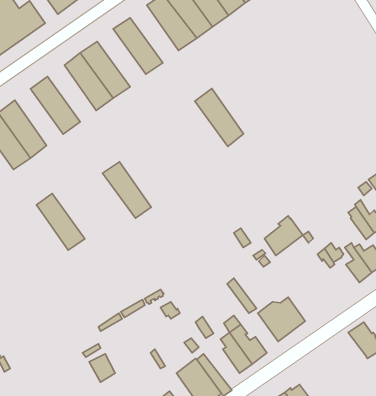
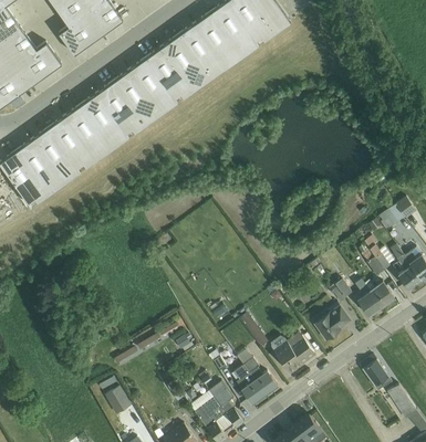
building: none -> [113,71,160,127]
building: [195,89,244,146] -> [145,48,193,104]
building: [103,162,151,218] -> [64,106,112,161]
building: [36,194,85,250] -> [32,129,80,185]
building: [265,216,303,255] -> [314,304,352,343]

